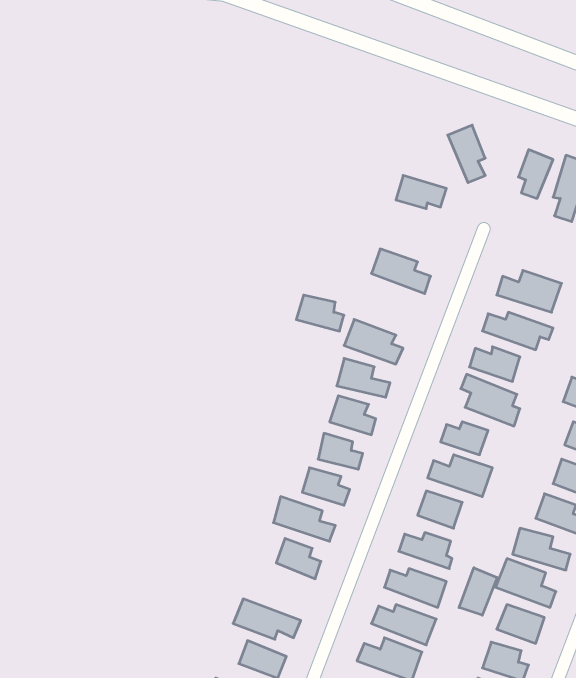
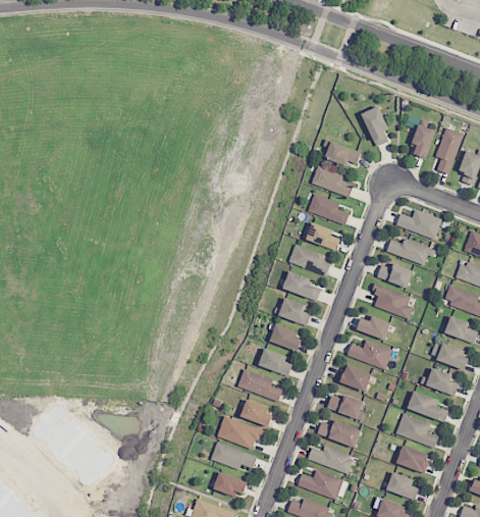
building: none -> [311,165,354,198]
building: [296,295,344,331] -> [306,223,339,249]
building: none -> [217,416,264,450]
building: [459,568,497,615] -> none

